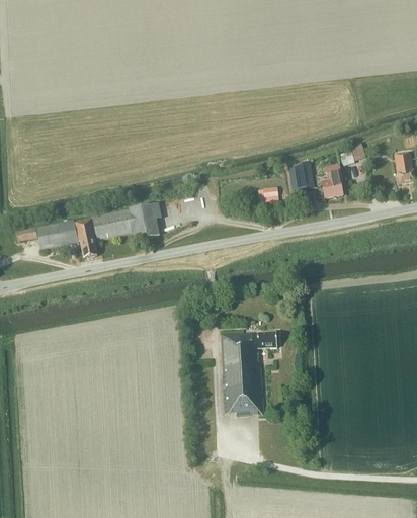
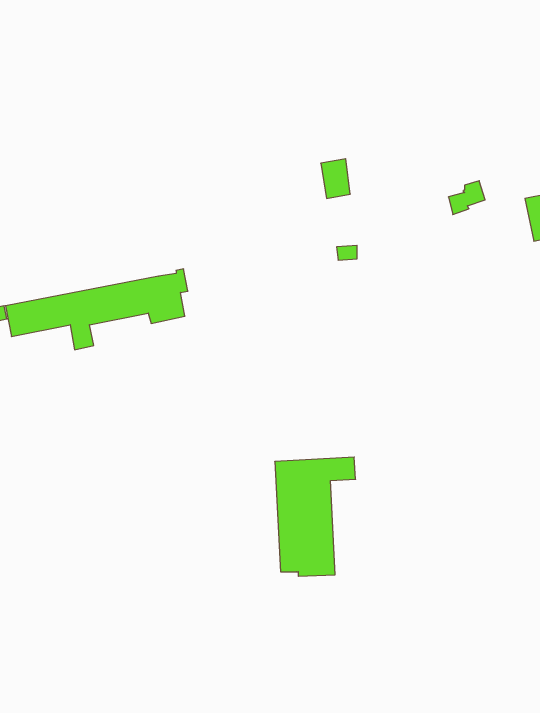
building: [294,161,314,188] -> [321,159,350,198]
building: [320,164,342,196] -> none

